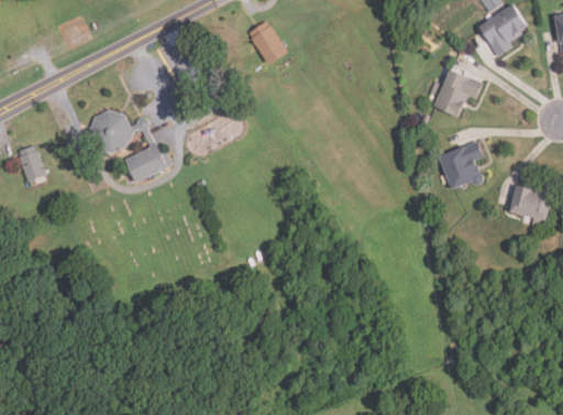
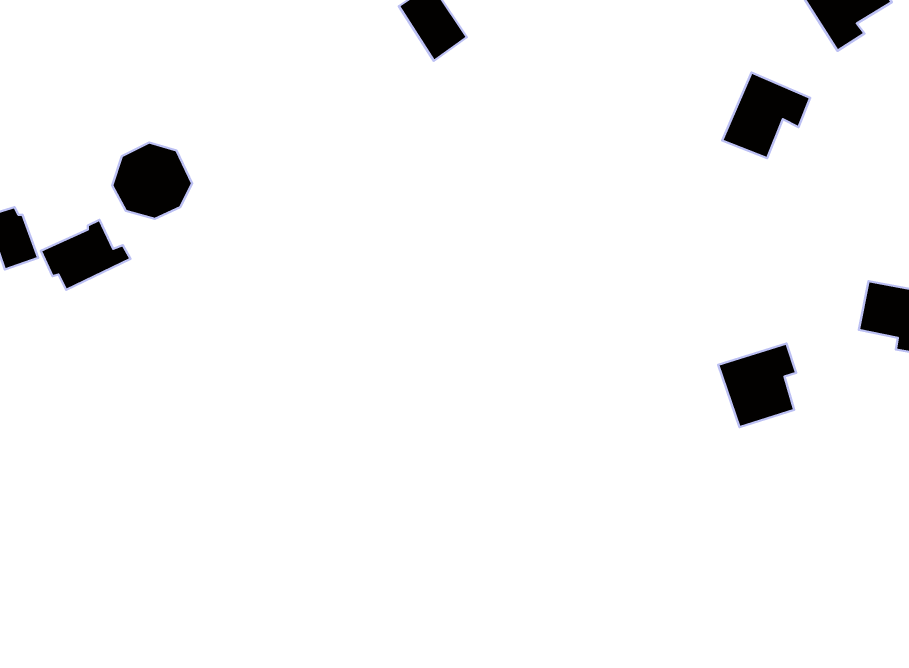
building: [122,142,173,182] -> [41,220,131,290]
building: [438,143,482,190] -> [718,343,796,427]

